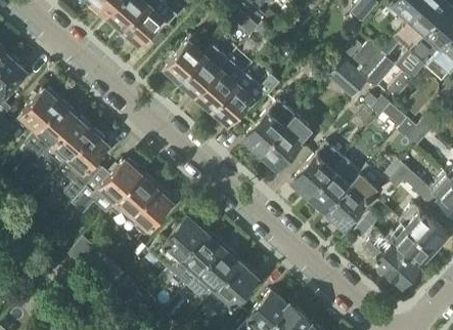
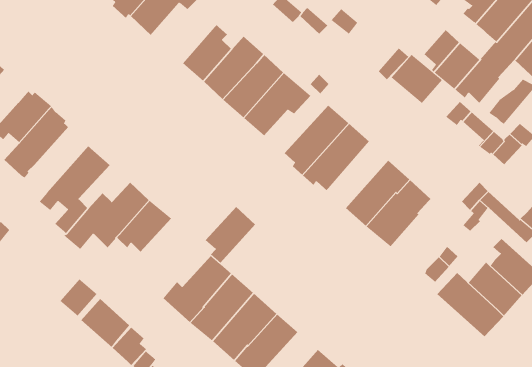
building: [43,117,93,168] -> none
building: [328,165,382,225] -> none
building: [132,189,172,234] -> [205,206,256,264]

